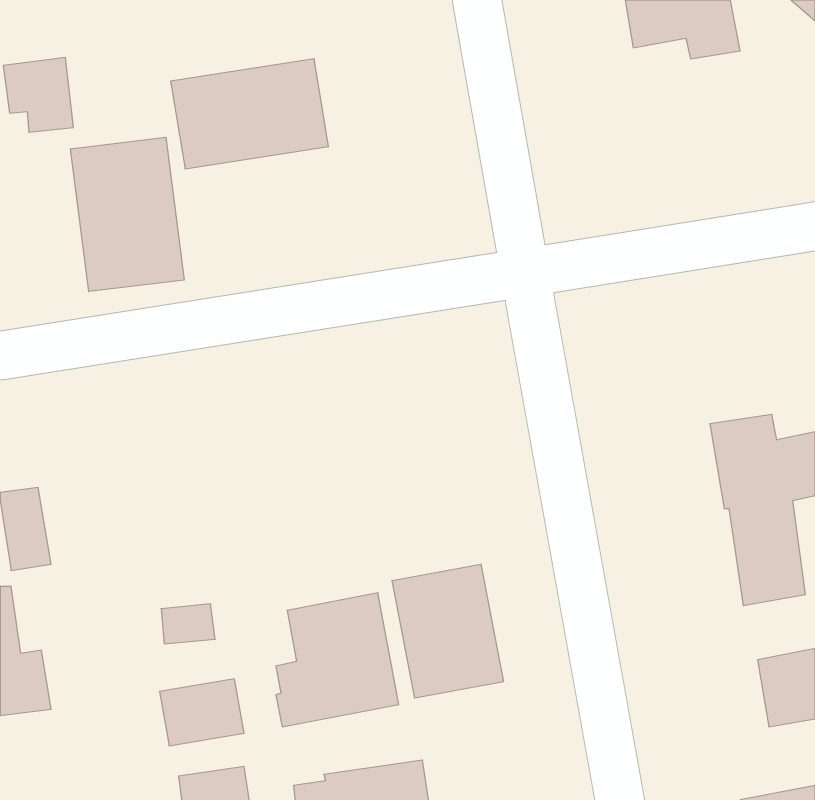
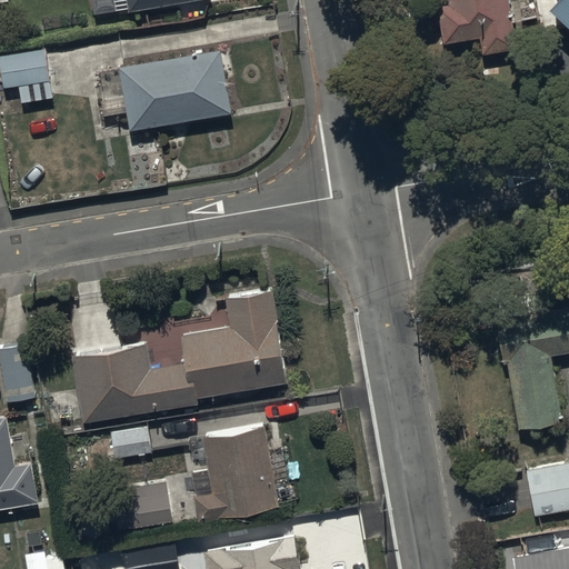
building: [70,137,184,292] -> none
building: none -> [72,288,286,421]
building: [392,564,503,698] -> none

